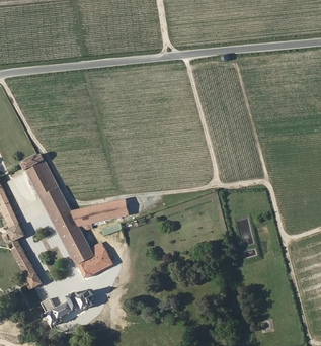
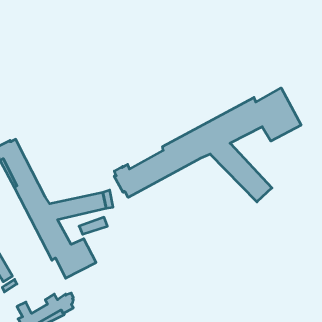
building: none -> [114,88,301,202]

